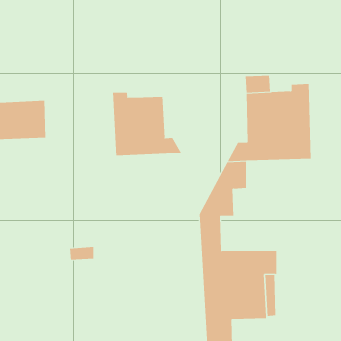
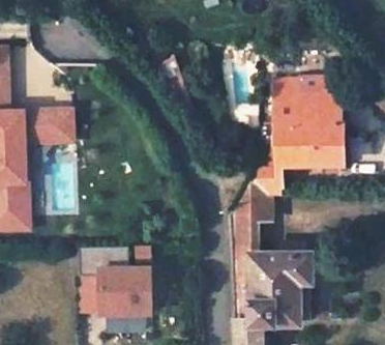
building: [113,92,182,156] -> none
building: none -> [95,268,171,338]

